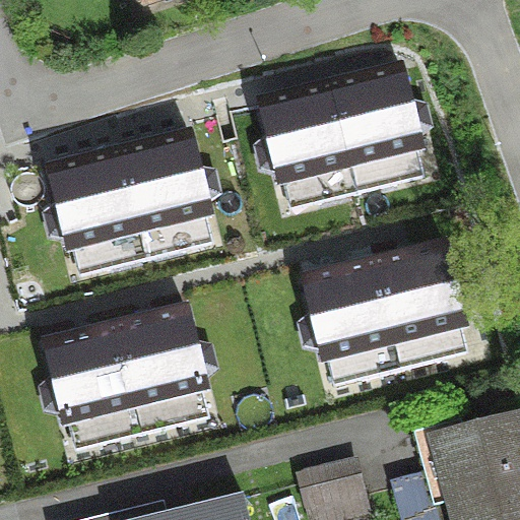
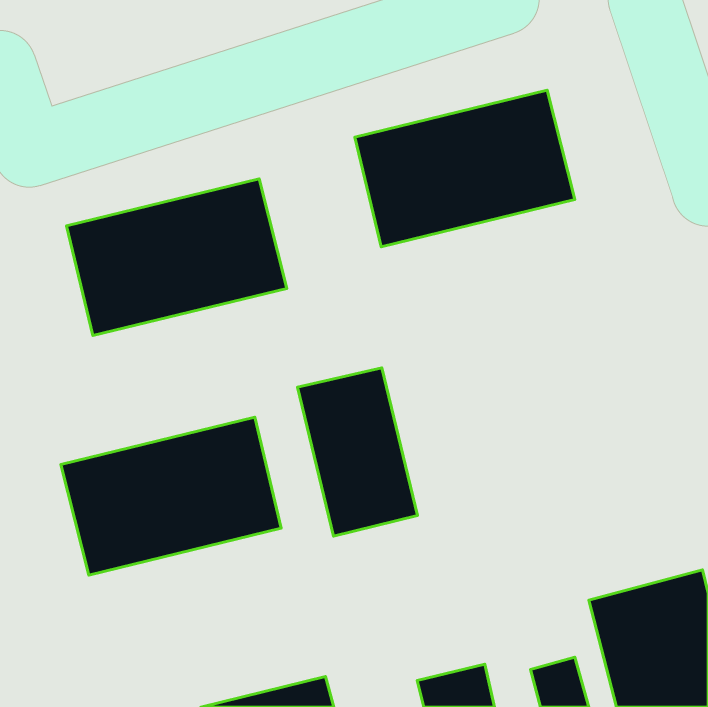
building: [304,242,465,358] -> none
building: none -> [297,368,417,536]

